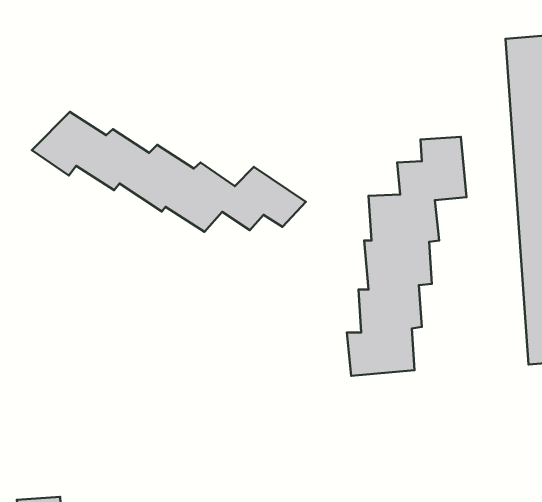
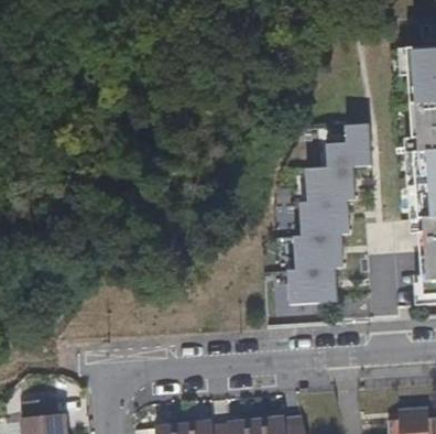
building: [32,112,306,232] -> none

